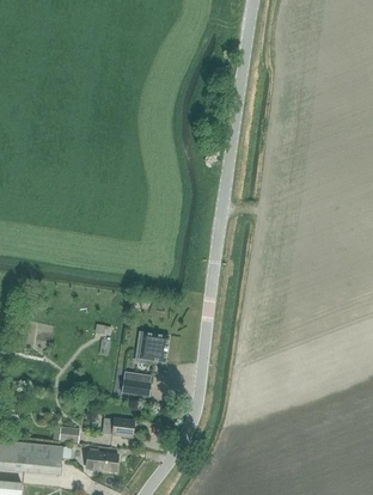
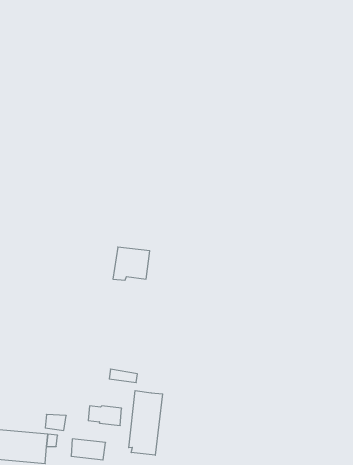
building: [134,330,170,362] -> [113,247,150,280]
building: none -> [129,391,163,455]

